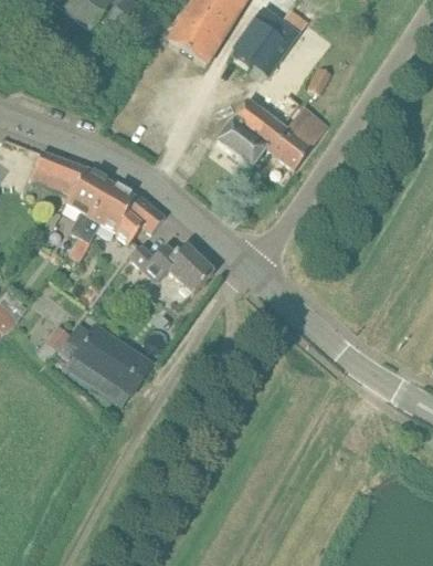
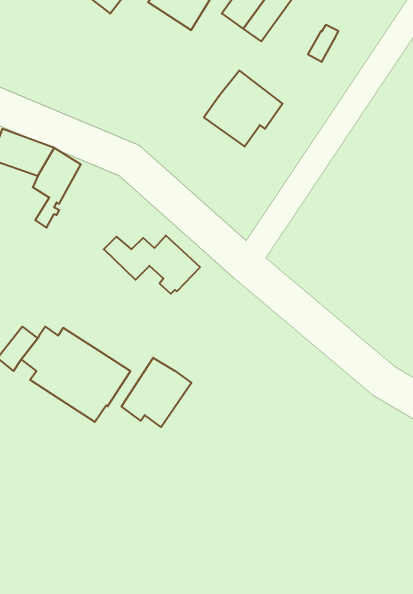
building: [270,105,328,168] -> none
building: [70,181,165,260] -> none
building: none -> [122,358,191,427]

